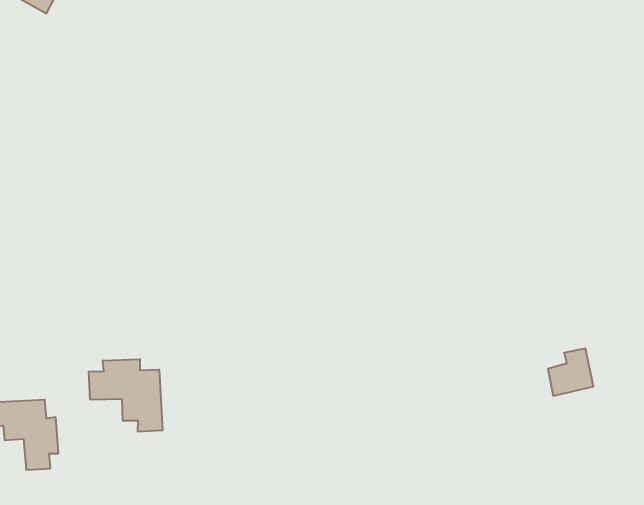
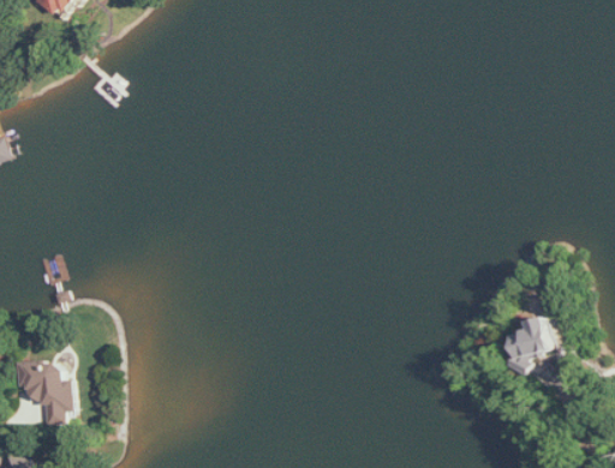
building: [89,359,163,432] -> none

